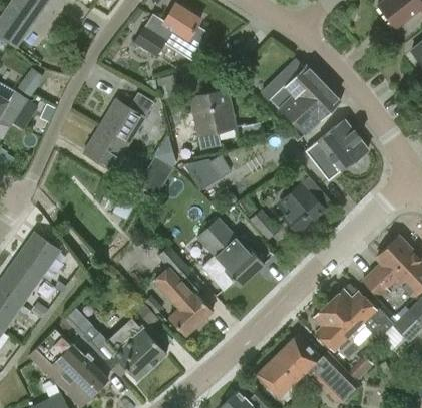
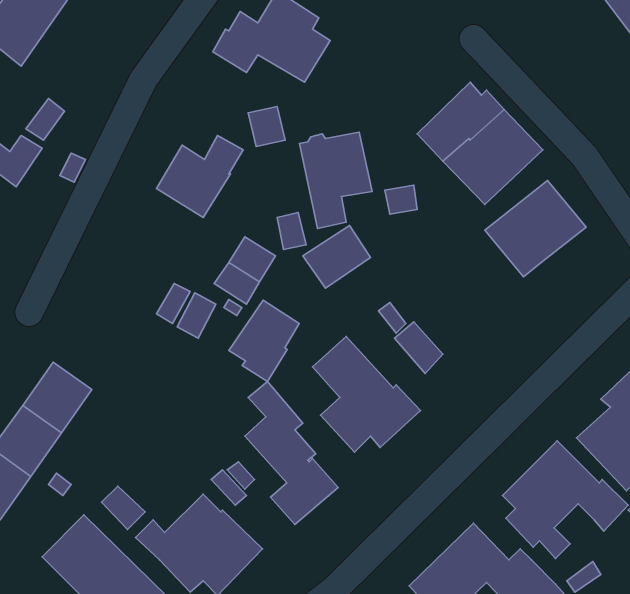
building: [82,125,128,170] -> none
building: [278,177,330,233] -> none
building: none -> [229,300,299,381]

